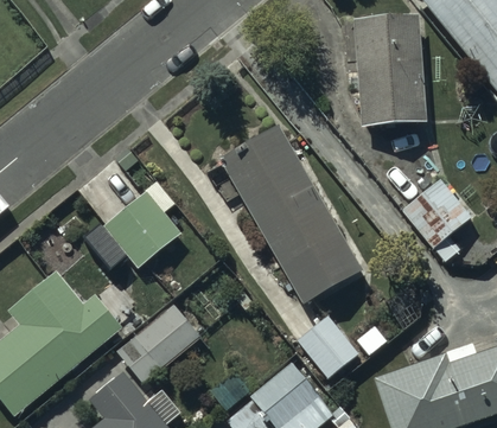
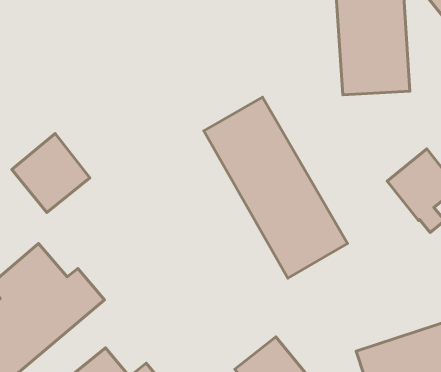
building: [103,189,180,267] -> [12,134,90,213]
building: [117,302,200,381] -> none
building: [298,317,359,379] -> none

